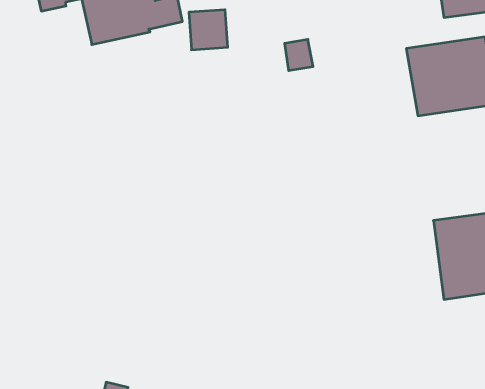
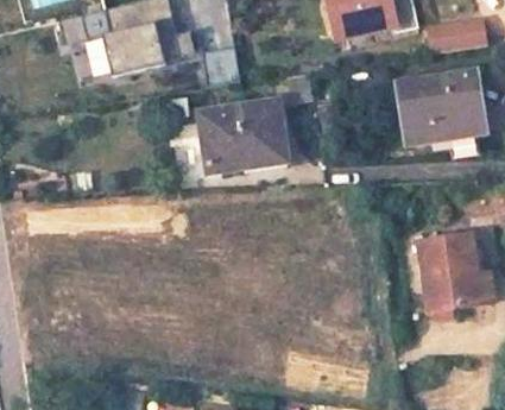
building: none -> [201,101,288,166]

